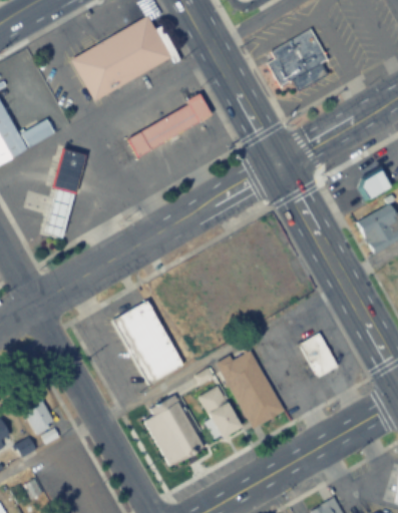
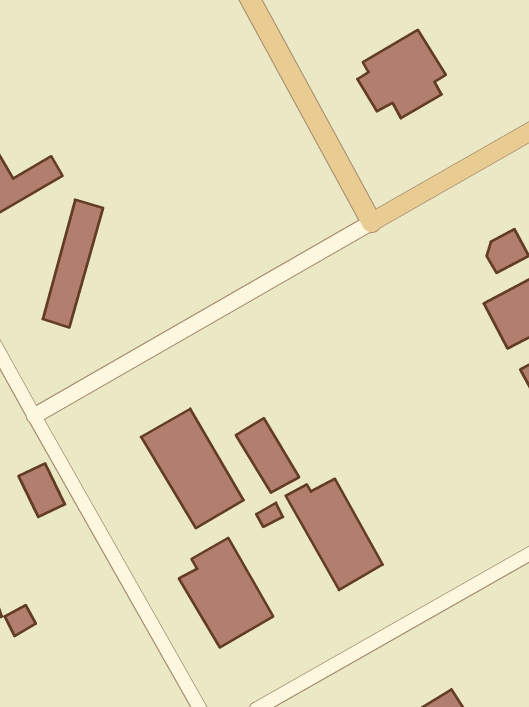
building: [72,17,171,100] -> none
building: [128,94,212,155] -> none
building: [300,331,339,376] -> none
building: [198,384,244,437] -> [236,418,299,493]
building: [21,397,54,435] -> [19,464,65,517]

